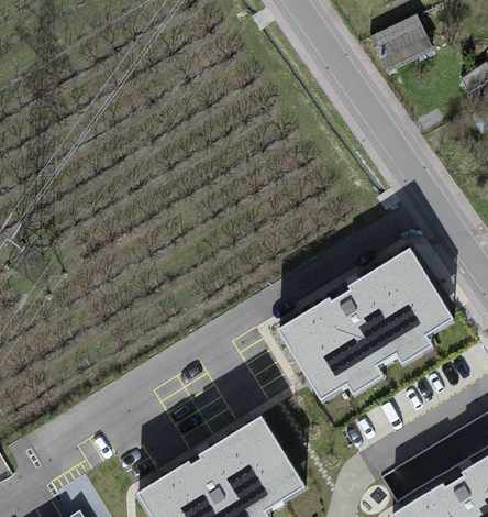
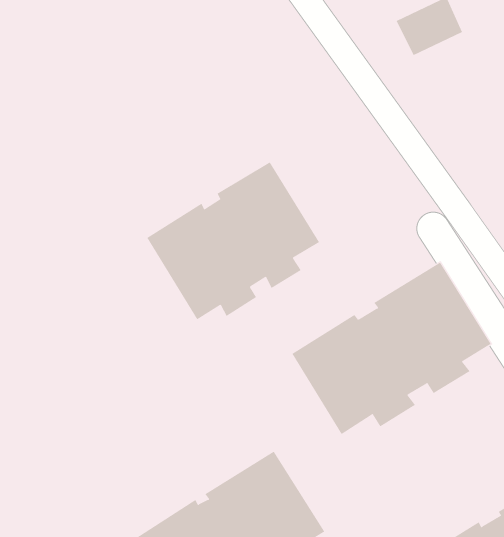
building: none -> [146,161,320,320]

